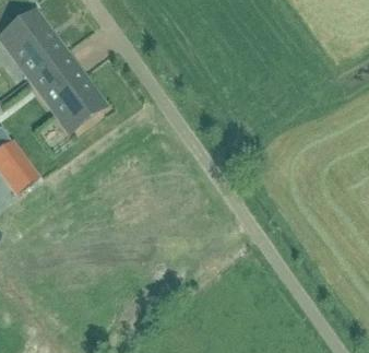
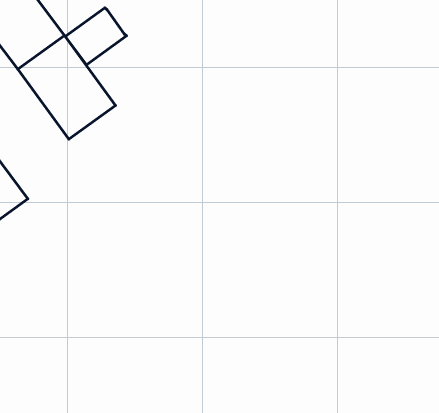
building: none -> [65,8,126,65]

